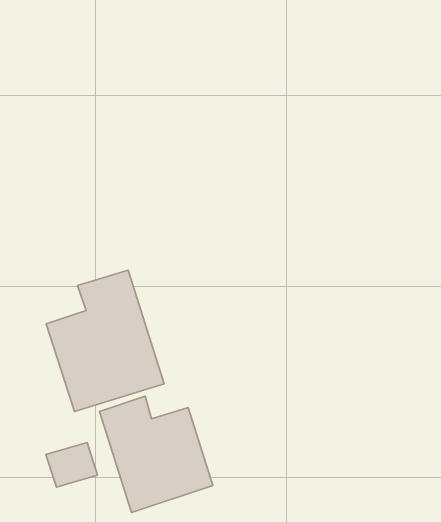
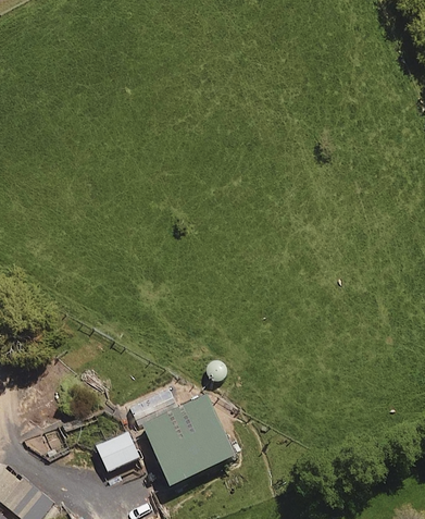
building: [46,270,164,412] -> none

